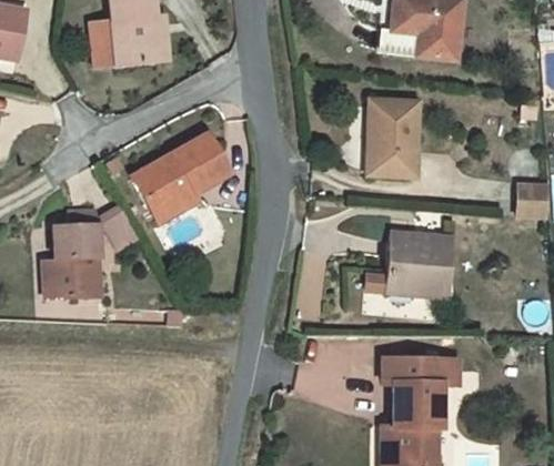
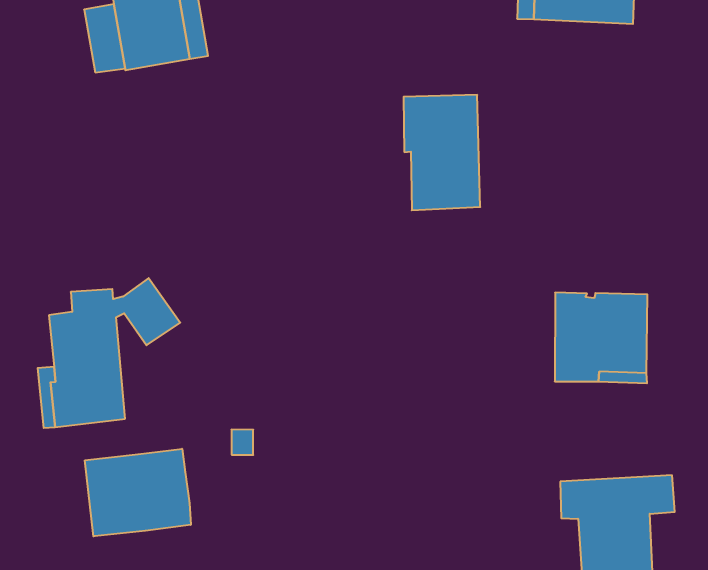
building: [366,100,417,176] -> [404,95,480,210]
building: [132,135,228,221] -> none
building: none -> [85,449,191,536]

